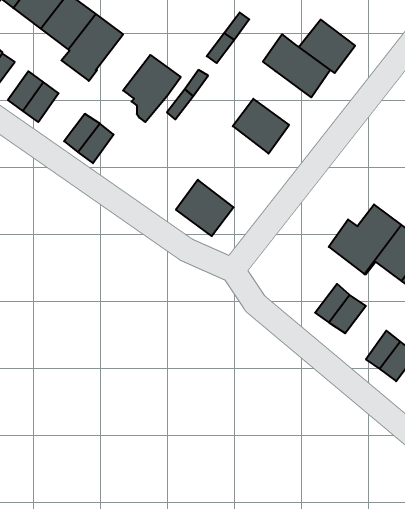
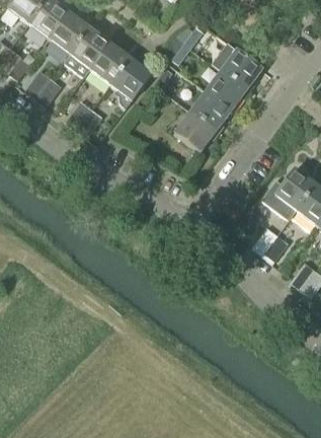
building: [299,20,355,73] -> [206,69,247,108]
building: none -> [89,42,130,83]
building: [176,180,234,236] -> [174,110,217,151]

